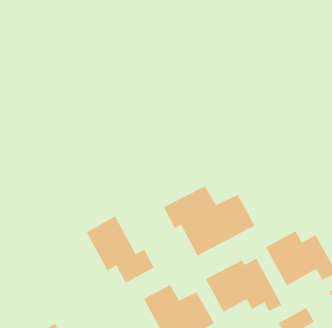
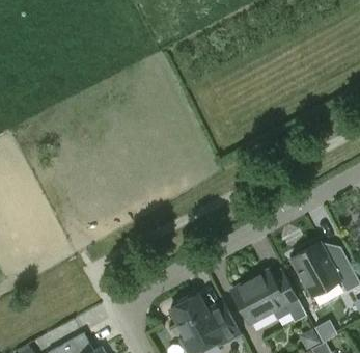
building: [163,185,255,257] -> none
building: [86,216,155,283] -> none

